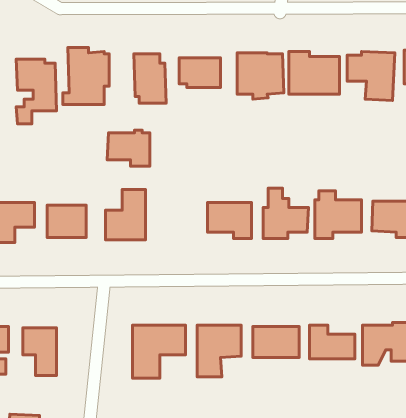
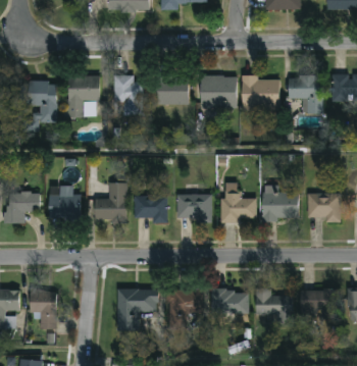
building: [107,130,150,166] -> [133,194,166,222]

